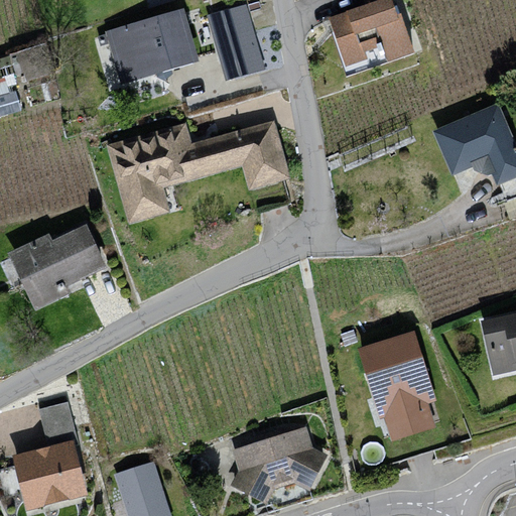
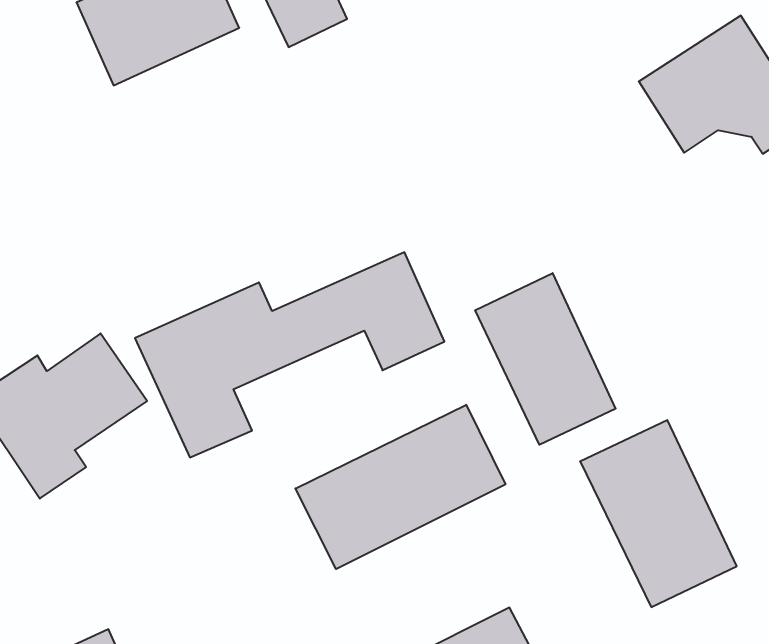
building: [108,120,290,221] -> [135,252,444,457]
building: none -> [475,273,616,445]
building: none -> [295,405,505,569]

